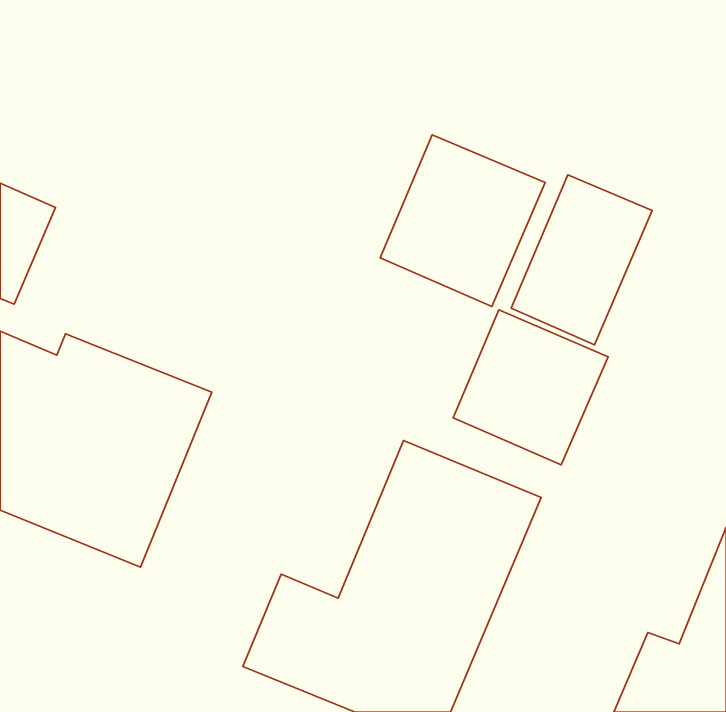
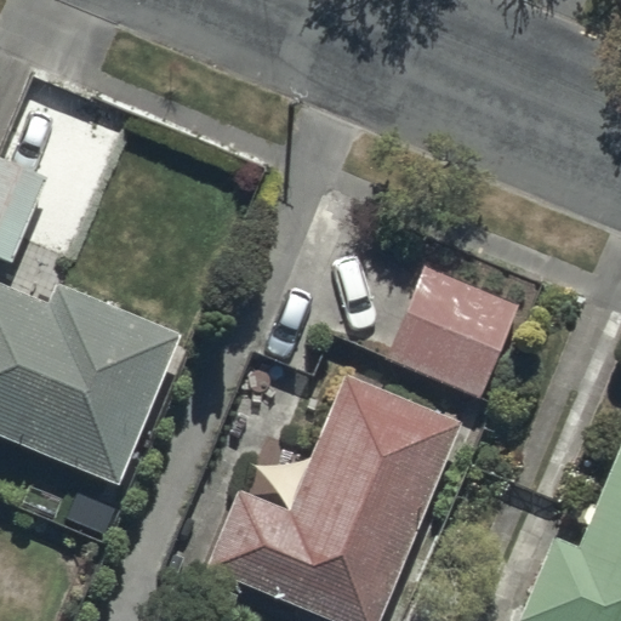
building: [380,135,545,307] -> none
building: [511,175,652,345] -> none

